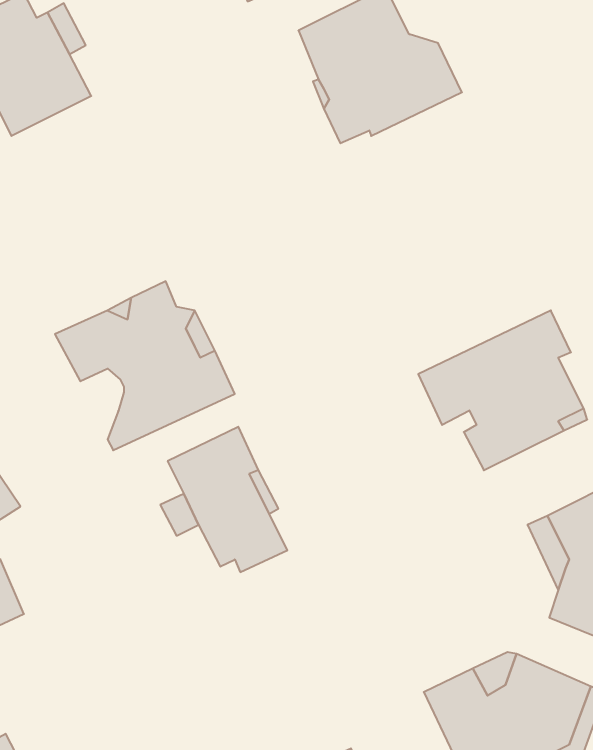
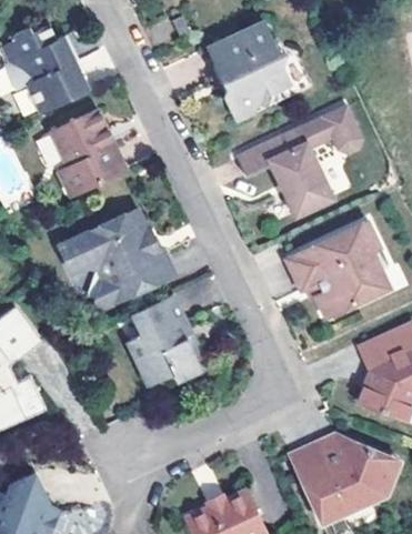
building: none -> [241,101,365,216]
building: none -> [49,114,124,200]

